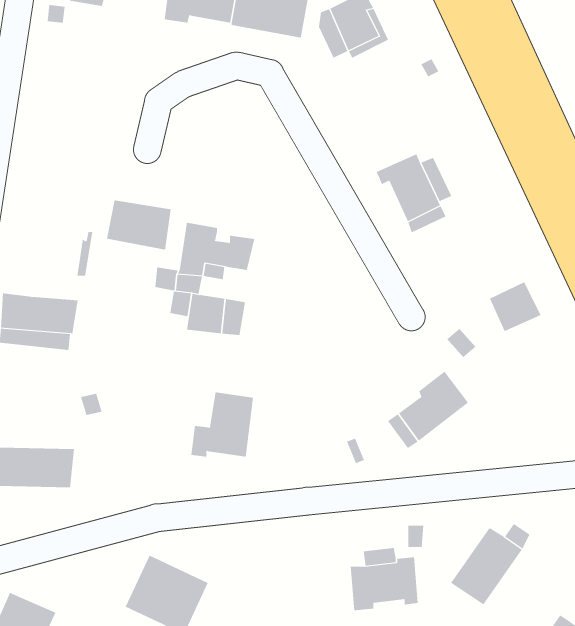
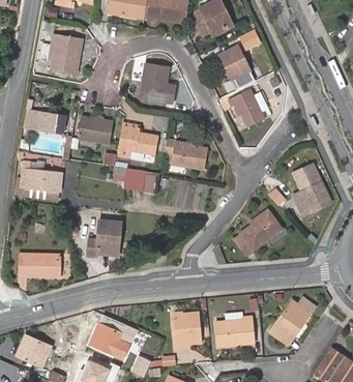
building: none -> [54,34,85,74]
building: none -> [222,48,256,89]
building: none -> [140,63,174,102]
building: none -> [24,106,67,130]
building: none -> [167,141,211,170]
building: none -> [292,180,330,215]
building: [191,392,254,457] -> [86,219,121,256]
building: none -> [171,313,201,349]

